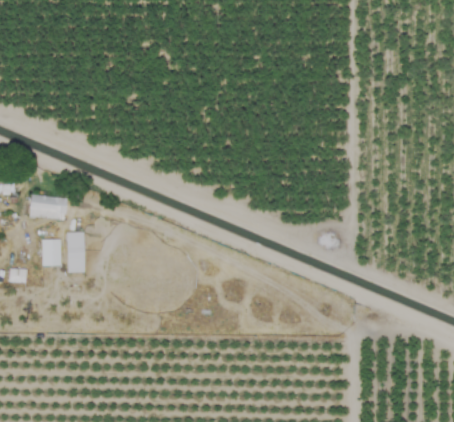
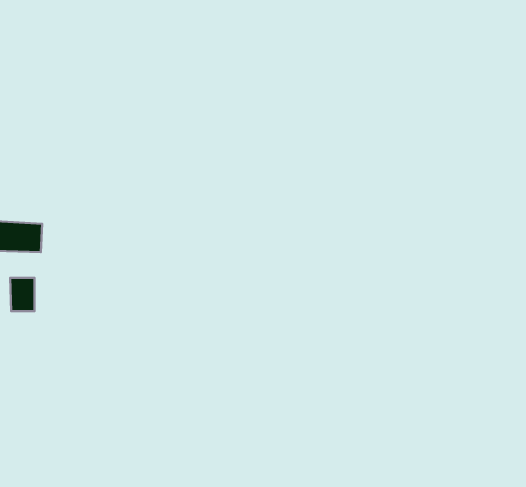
building: [66,232,84,272] -> none

